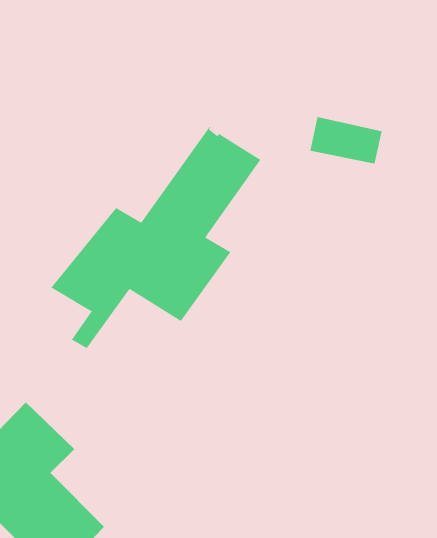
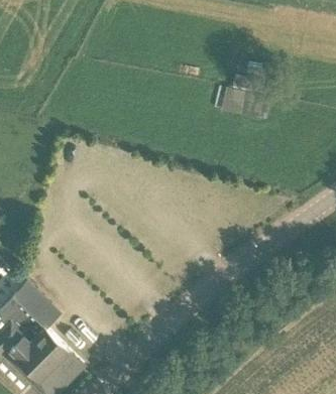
building: [50,126,261,349] -> none

